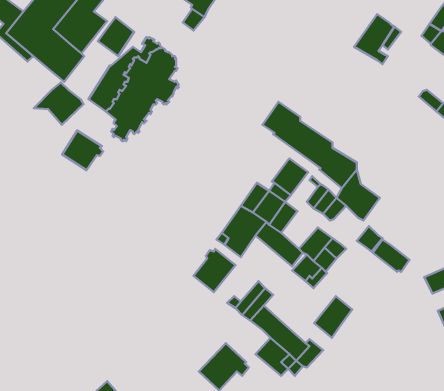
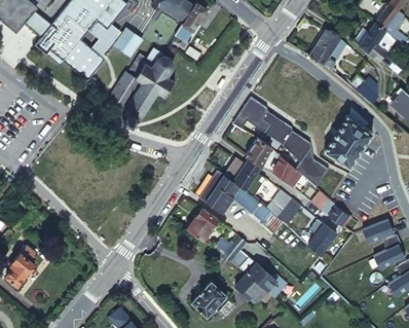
building: [34,83,84,125] -> none
building: none -> [324,115,372,167]
building: [62,131,103,170] -> none
building: [314,296,352,338] -> [306,223,335,255]

